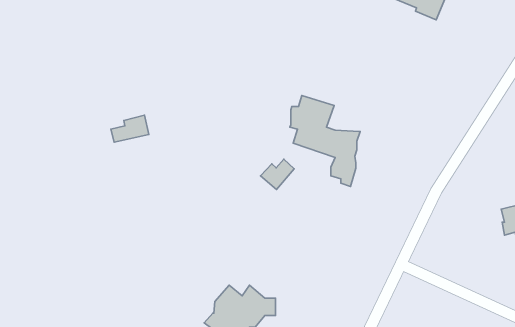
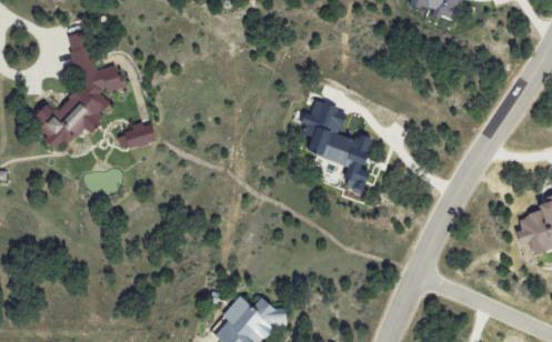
building: none -> [37,31,126,147]
building: [260,159,294,190] -> none

